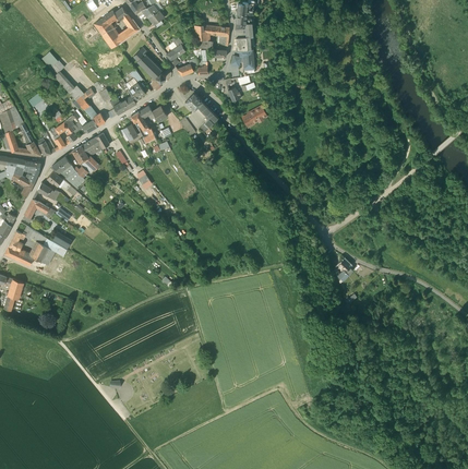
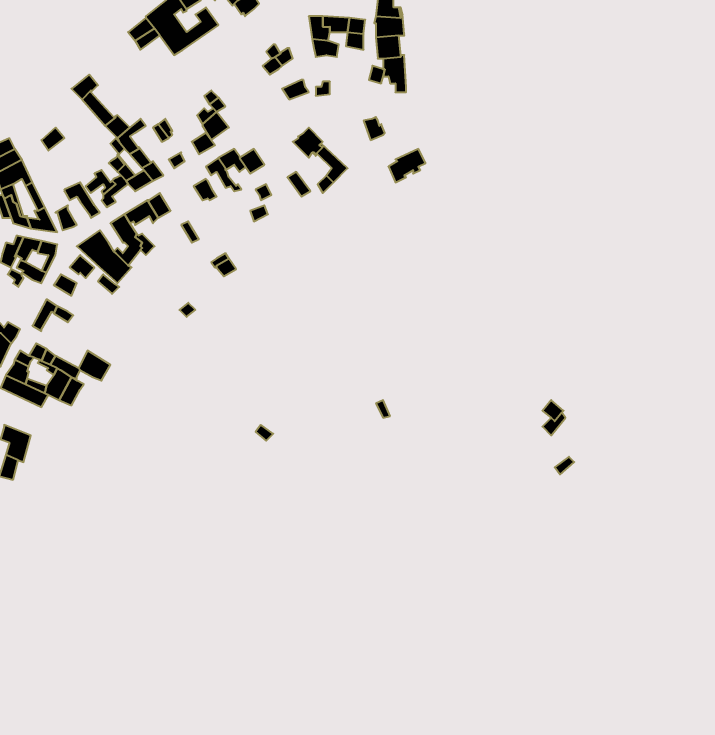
building: [133,47,166,82] -> none

